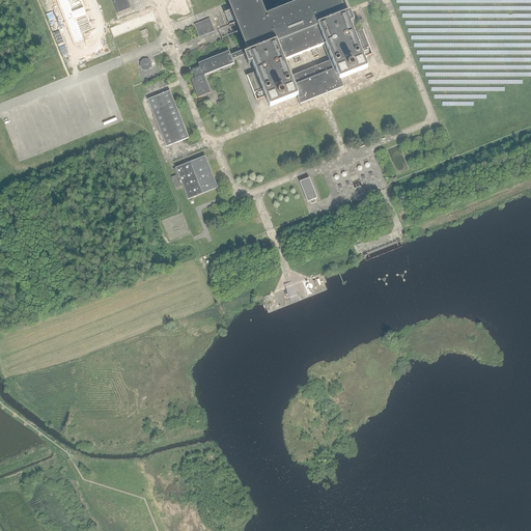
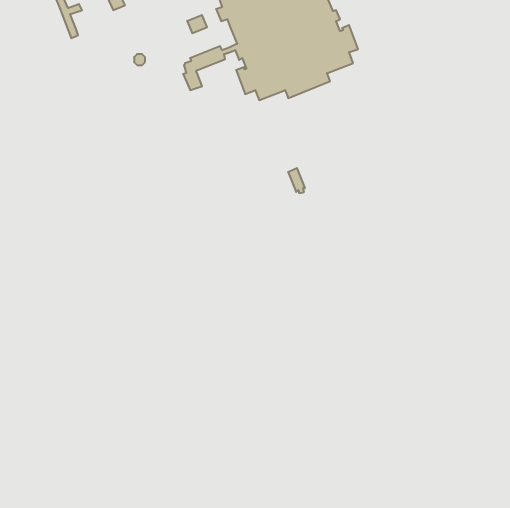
building: [147,87,188,143] -> none
building: [171,152,217,196] -> none

